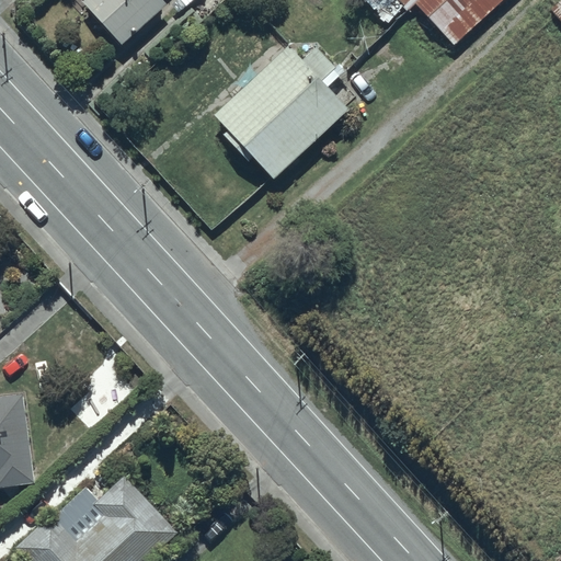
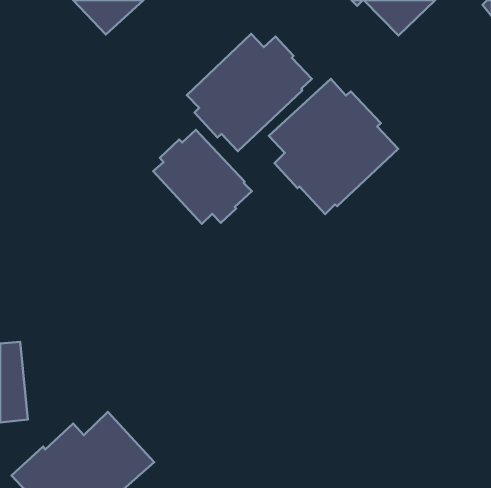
building: none -> [269,79,398,214]
building: none -> [153,130,252,224]

